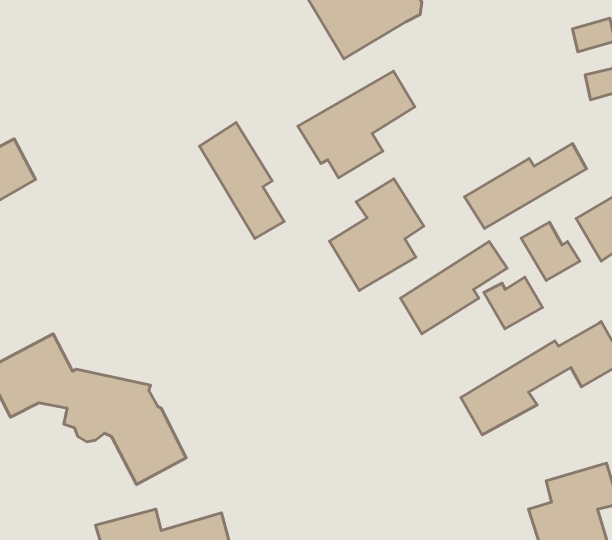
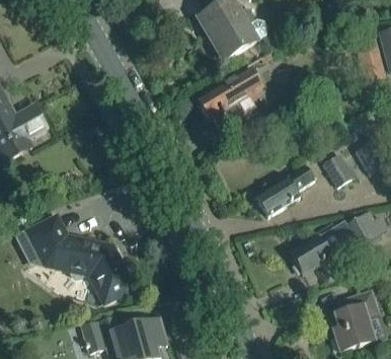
building: [199,123,284,238] -> none
building: [464,144,587,229] -> none
building: [329,179,424,291] -> none
building: [484,277,543,329] -> none

